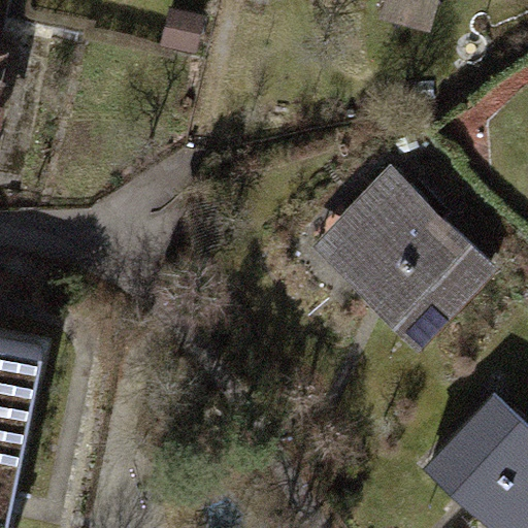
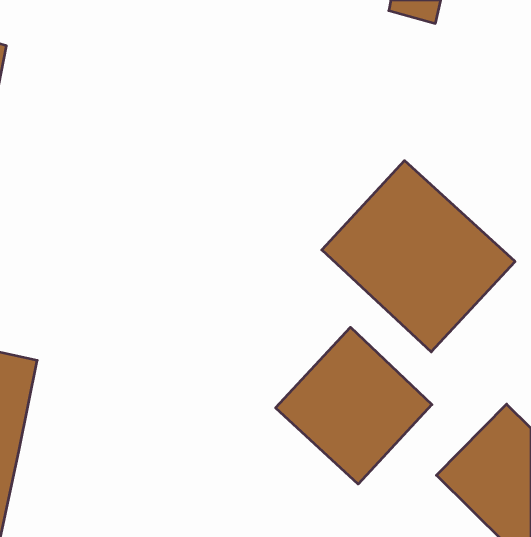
building: none -> [276,327,432,484]

